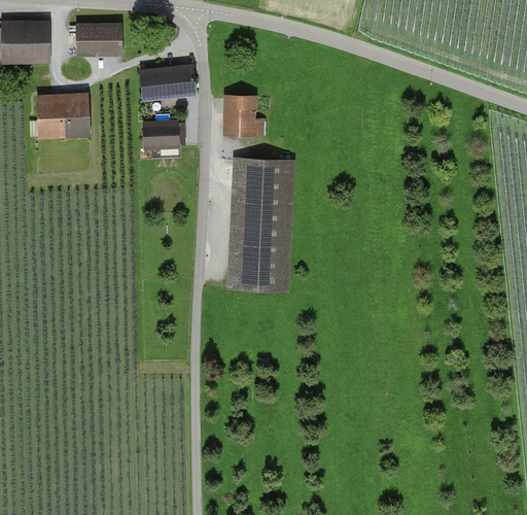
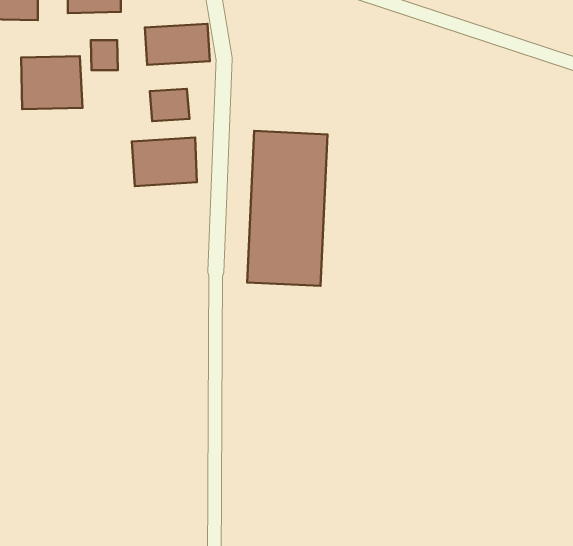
building: none -> [91,40,118,70]
building: [225,93,267,137] -> none
building: none -> [132,138,197,186]

